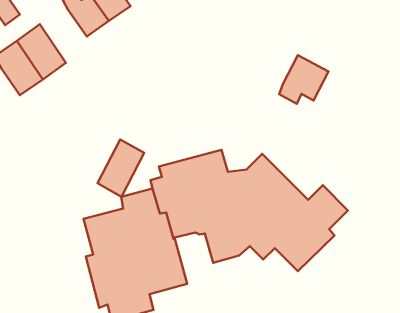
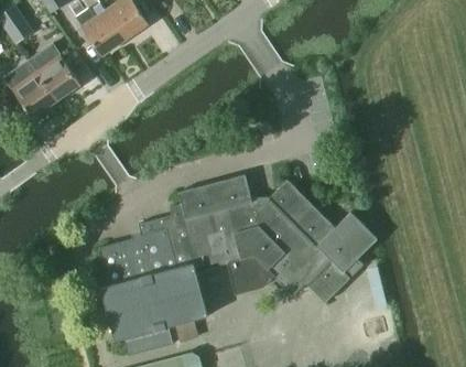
building: [279,55,328,104] -> none
building: [97,139,144,197] -> none

